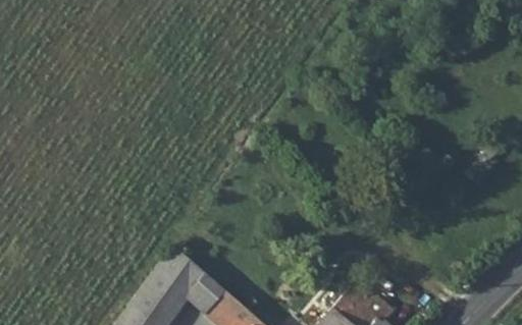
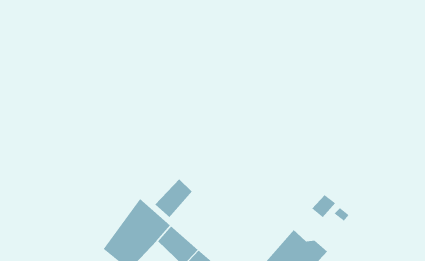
building: none -> [154,179,192,218]

